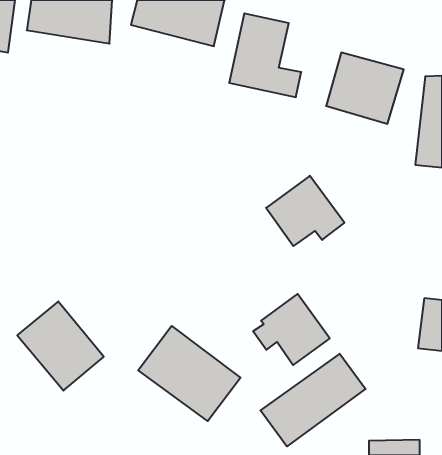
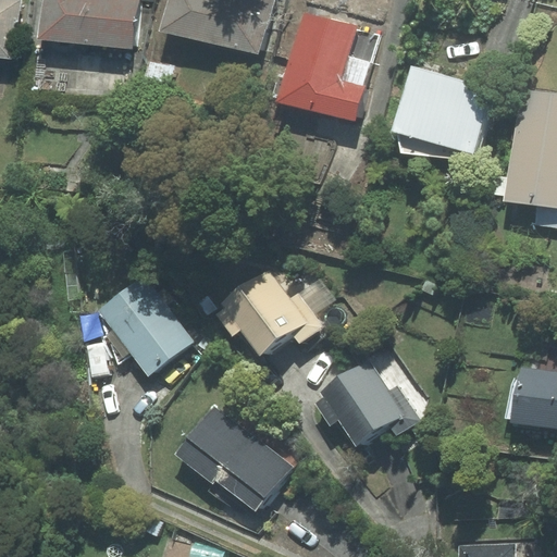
building: [266,176,344,246] -> [227,268,323,354]
building: [17,301,104,391] -> [89,272,195,381]
building: [260,354,366,446] -> none

